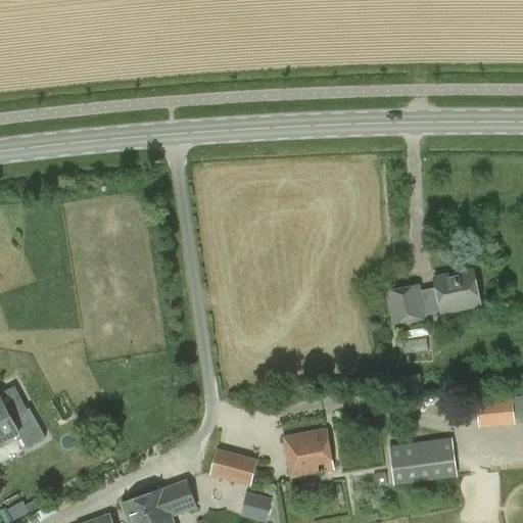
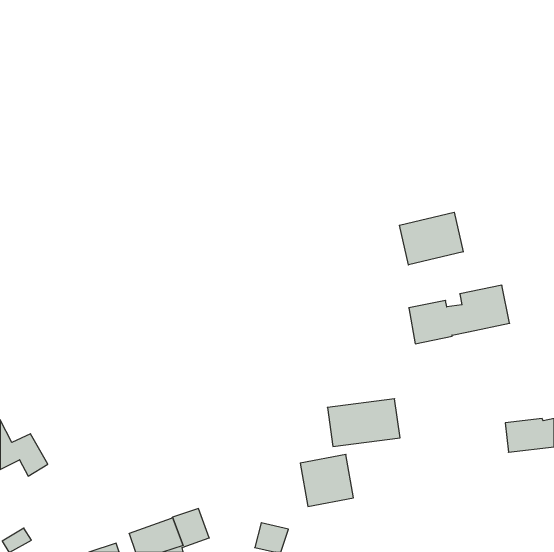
building: none -> [399,212,463,265]
building: [389,438,458,483] -> [327,399,400,446]
building: [208,448,257,486] -> none

